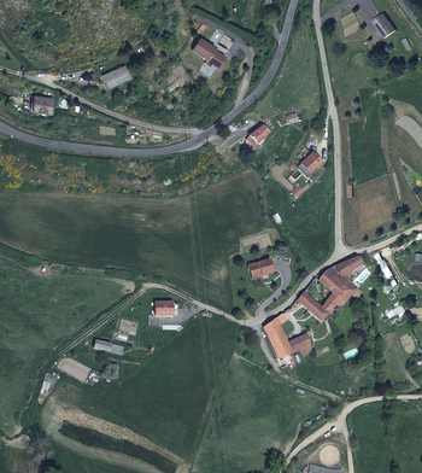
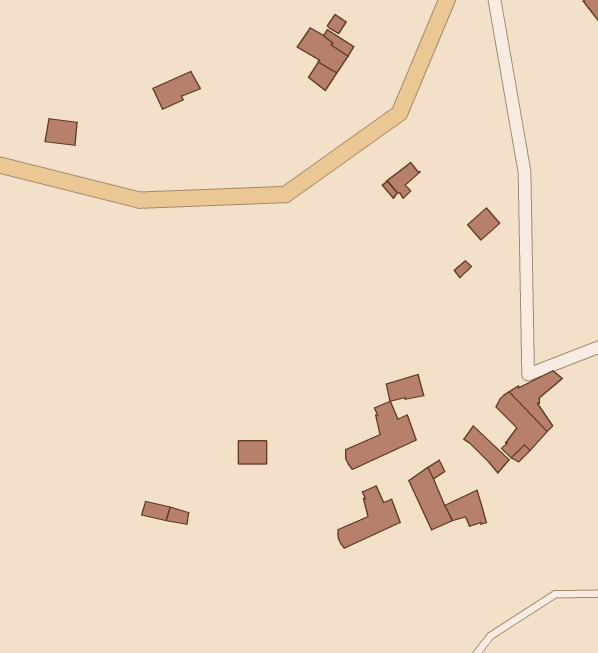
building: none -> [346,401,416,469]
building: none -> [338,486,400,548]

